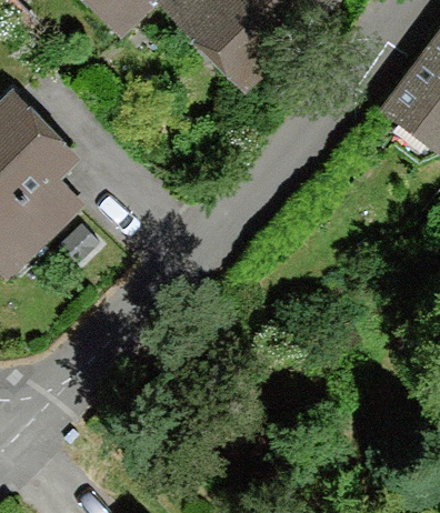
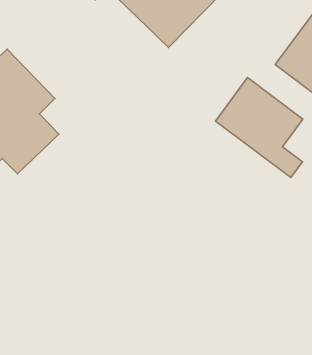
building: none -> [215,78,303,178]

